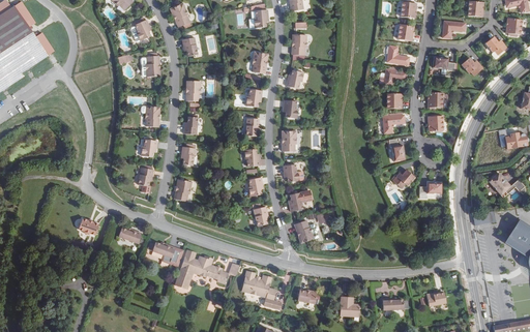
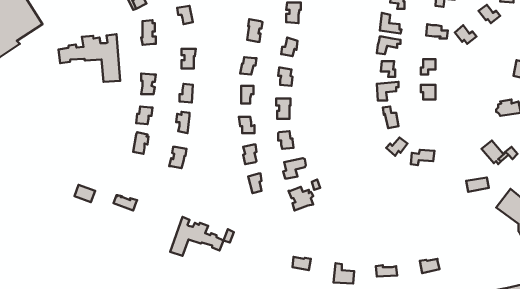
building: none -> [58,34,120,82]
building: [146,242,183,266] -> none
building: [240,270,281,309] -> none

